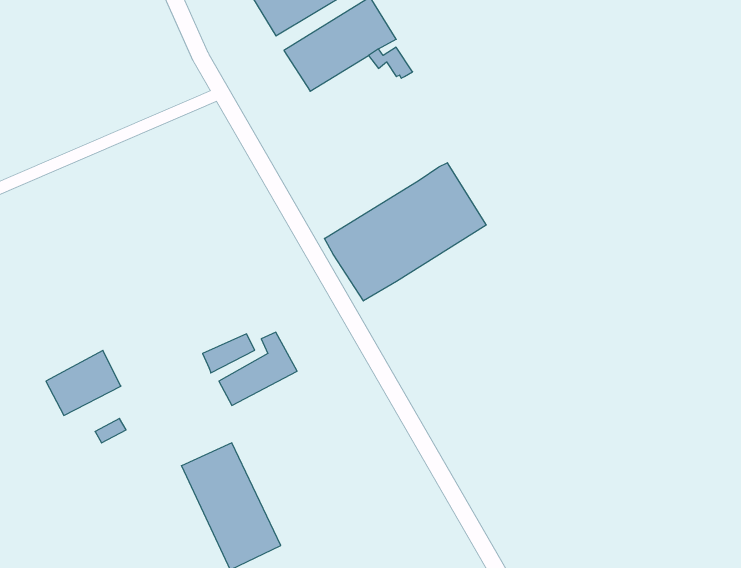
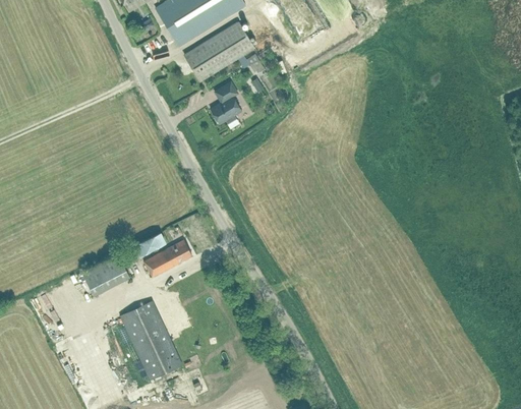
building: none -> [211,81,241,124]
building: [324,163,486,301] -> none
building: [46,350,121,415] -> [82,254,129,295]

